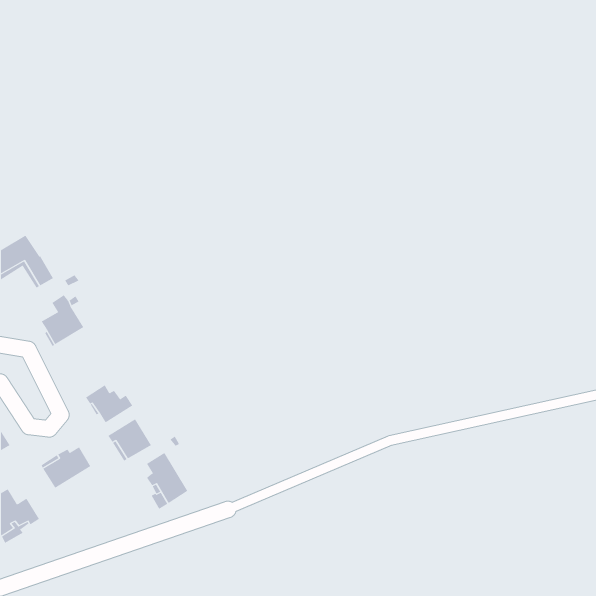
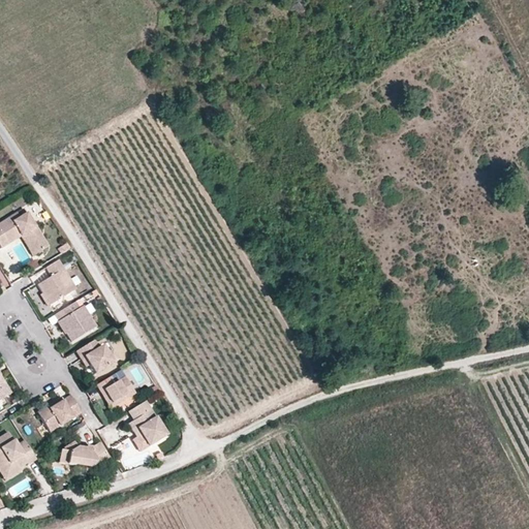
building: none -> [55,302,96,342]
building: none -> [60,440,112,466]

